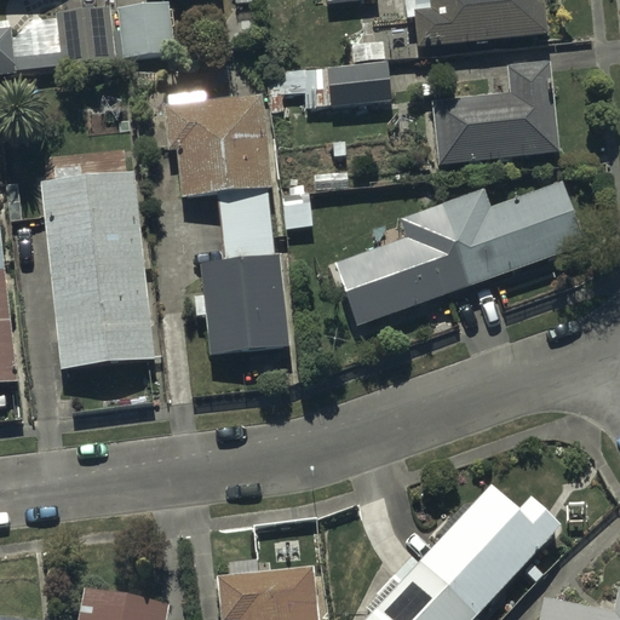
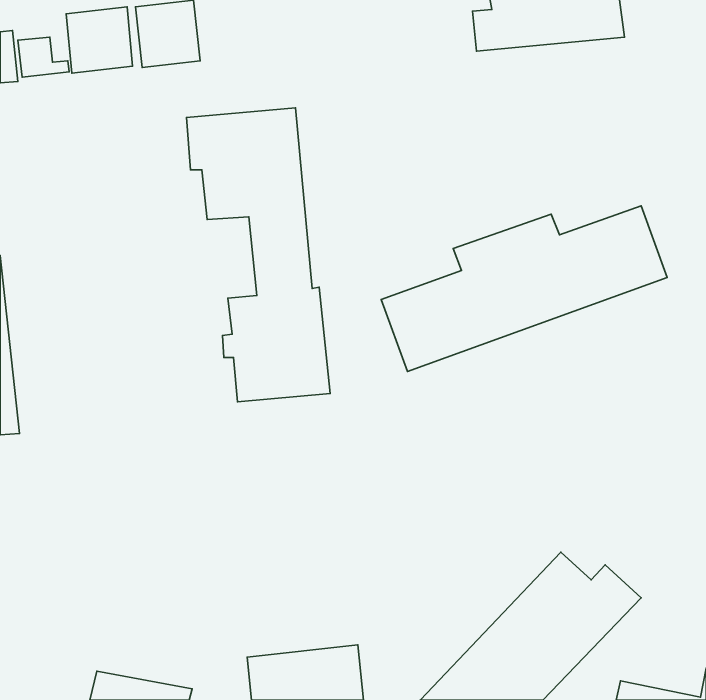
building: [327,59,392,105] -> none
building: [431,61,561,165] -> none
building: [40,171,155,368] -> none

